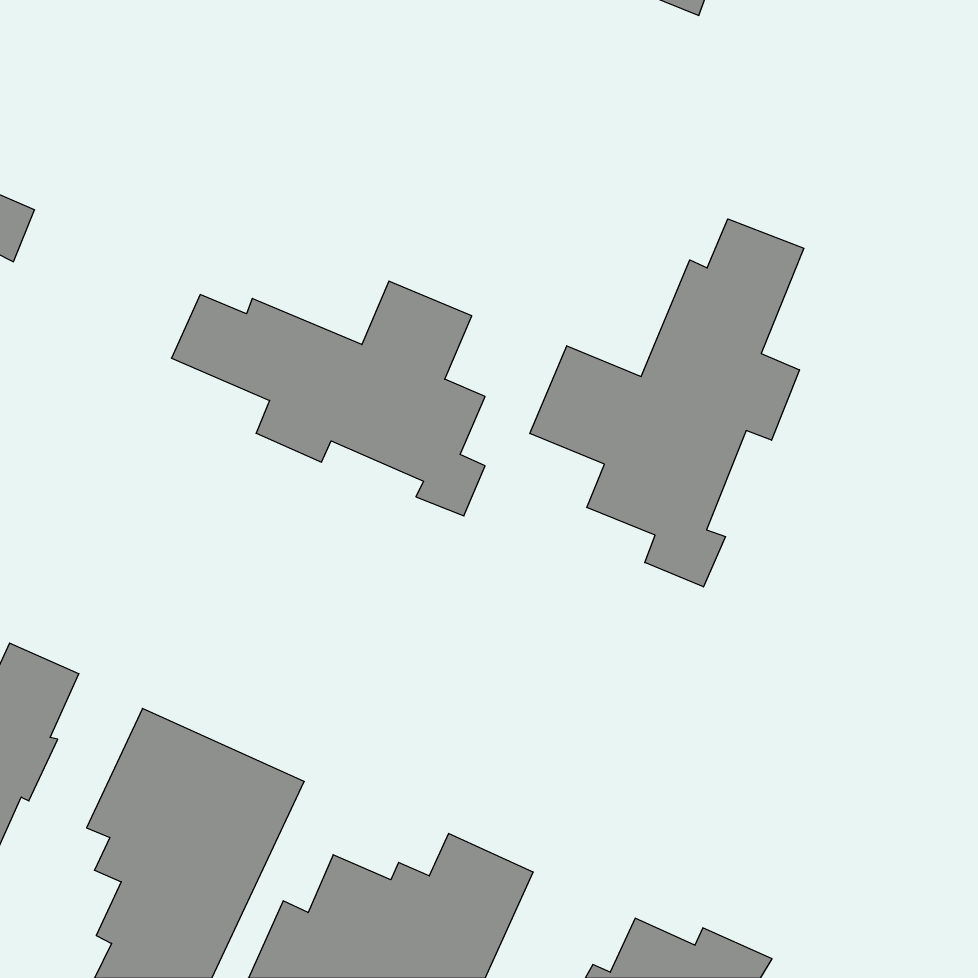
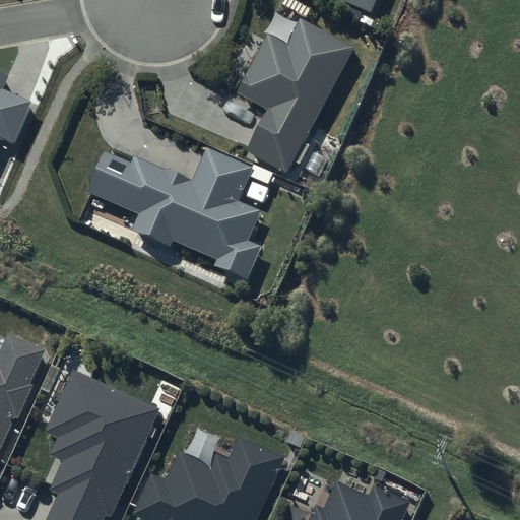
building: none -> [239,19,350,166]
building: [530,219,804,587] -> none

